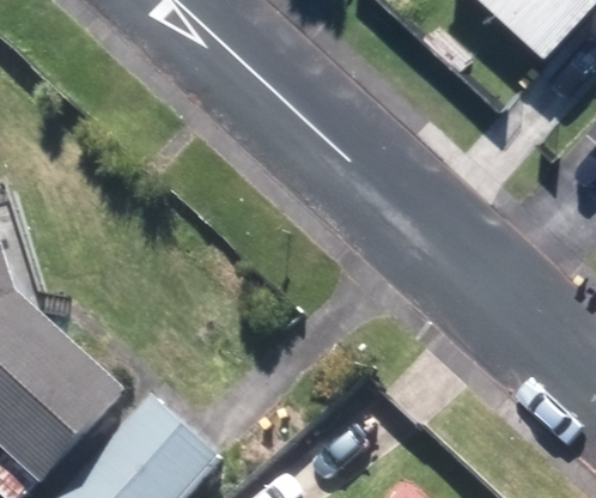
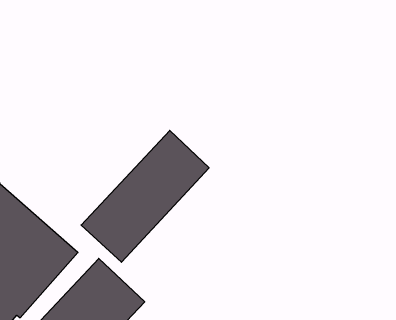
building: none -> [81,130,209,262]

